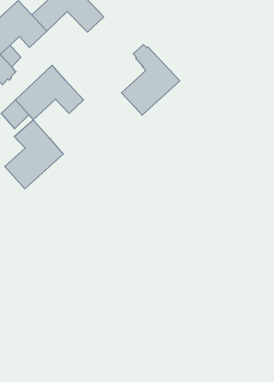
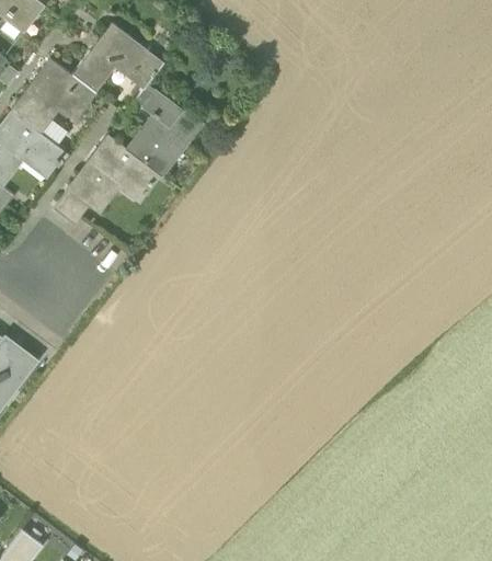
building: [121,45,180,115] -> [128,87,201,178]
building: [5,120,63,189] -> none

